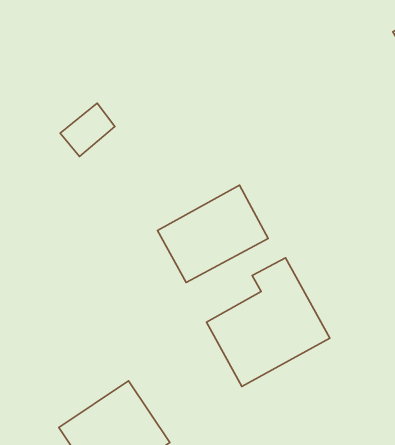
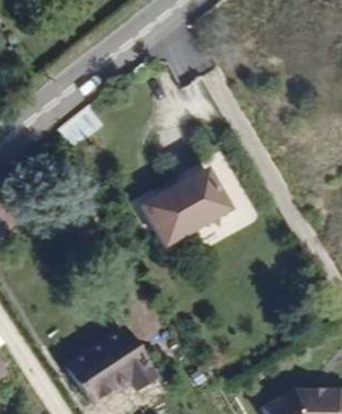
building: [206,258,330,386] -> none

